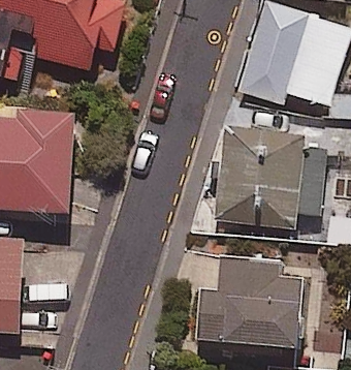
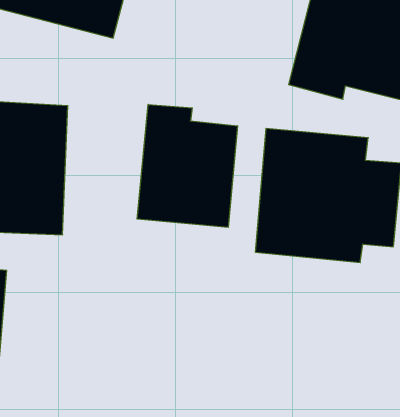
building: none -> [137,104,237,227]
building: [196,256,306,346] -> none

